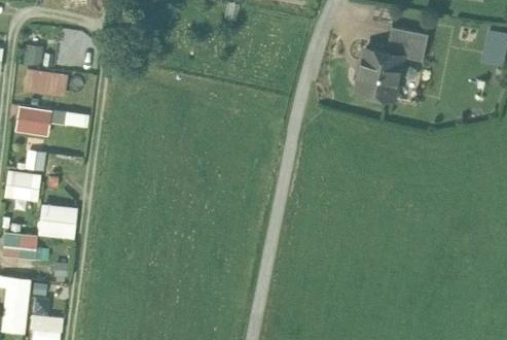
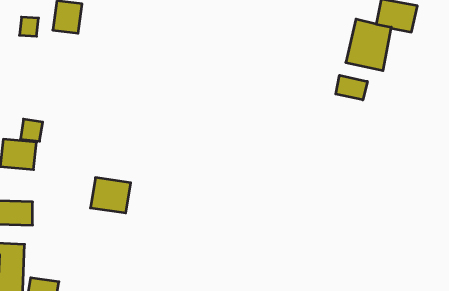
building: [24,70,67,95] -> none
building: none -> [336,75,367,100]
building: [15,108,69,135] -> none
building: [37,203,78,239] -> [90,178,131,213]

